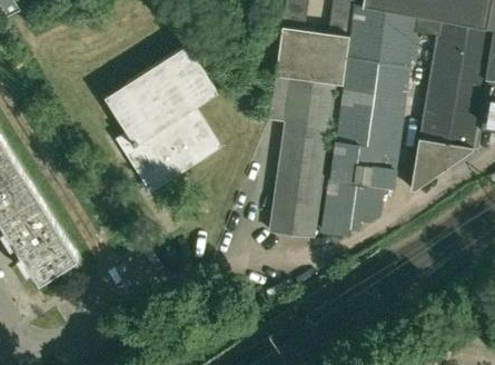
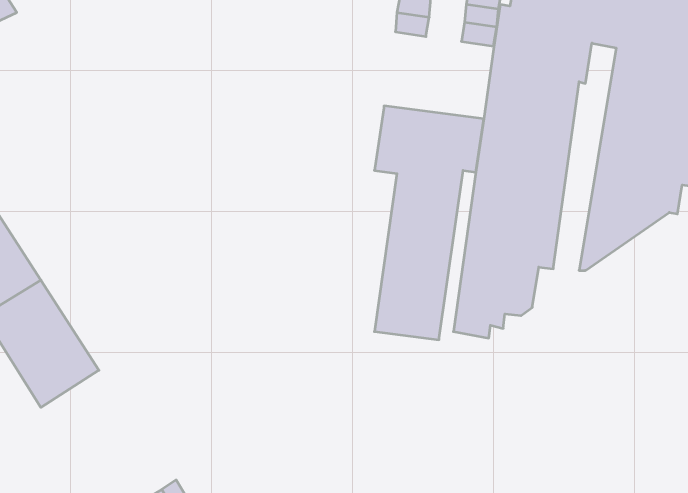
building: [276,27,352,85] -> none
building: [106,45,220,188] -> none

